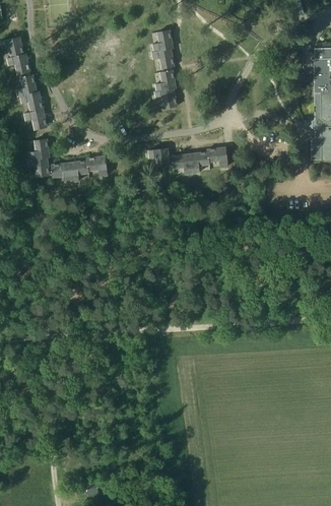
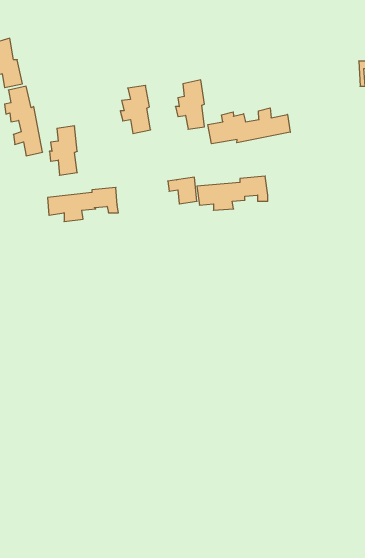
building: [150,30,175,69] -> [120,85,151,134]
building: none -> [208,108,290,144]
building: [27,138,50,178] -> [49,126,77,175]

